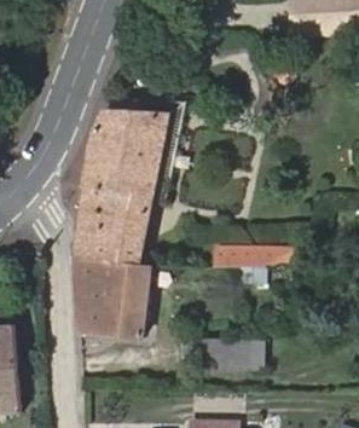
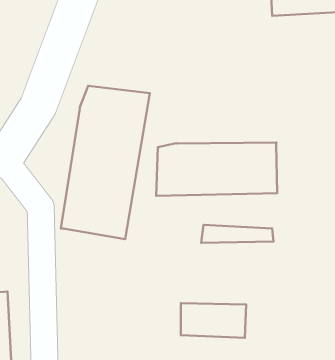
building: none -> [156,143,277,196]
building: [76,254,155,339] -> none

